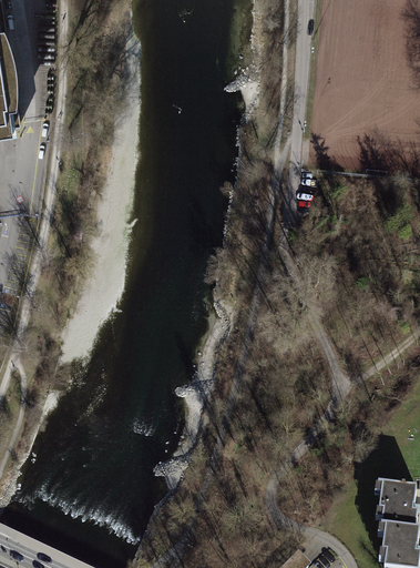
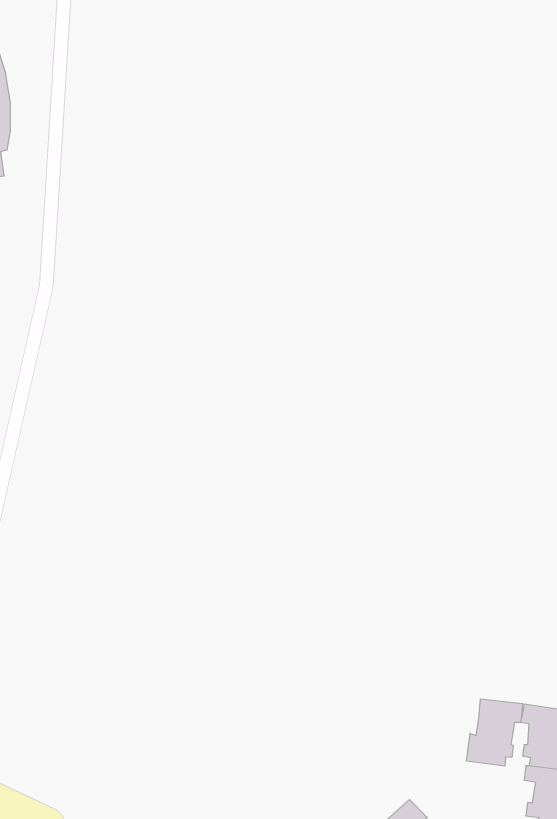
building: none -> [467,699,523,766]

